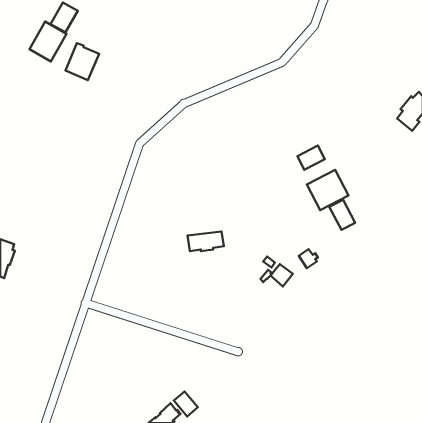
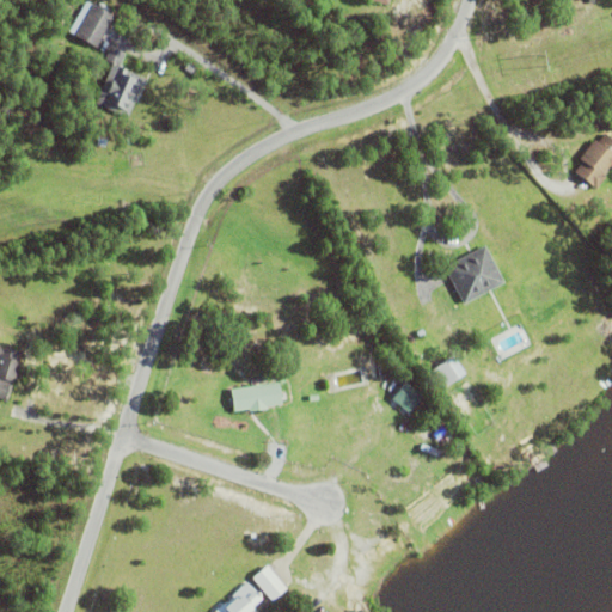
building: [29,21,66,61] -> none
building: [297,145,325,170] -> none
building: [329,200,355,230] -> none
building: [187,231,224,251] -> [231,382,283,411]

